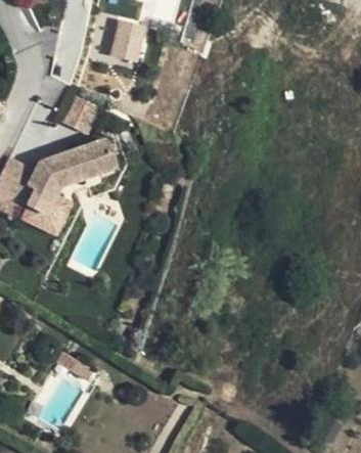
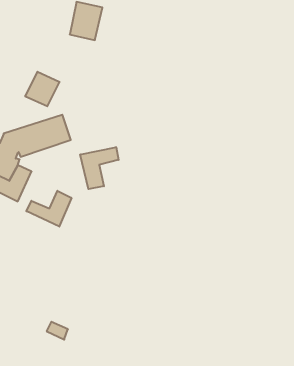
building: none -> [80,147,119,189]
building: none -> [26,191,71,227]

